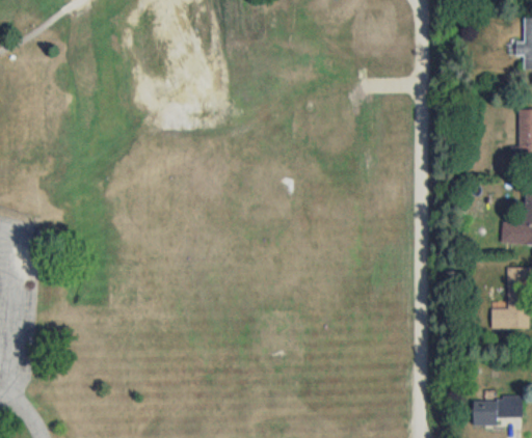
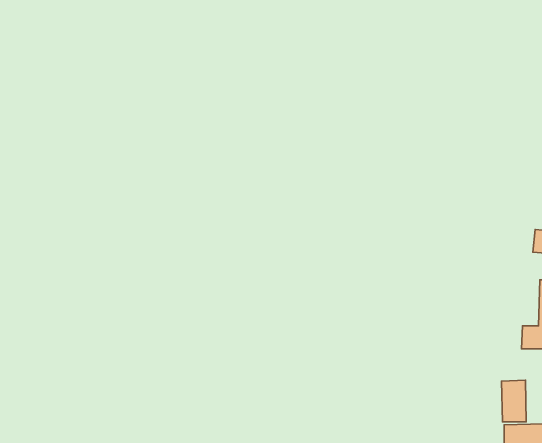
building: none -> [502,380,526,422]

